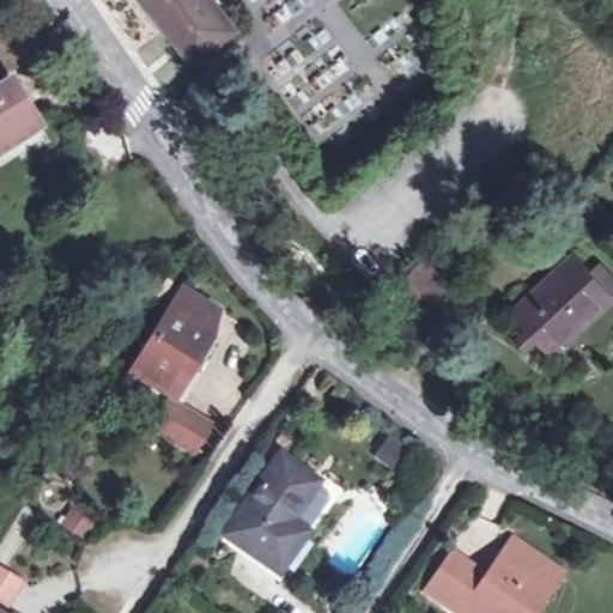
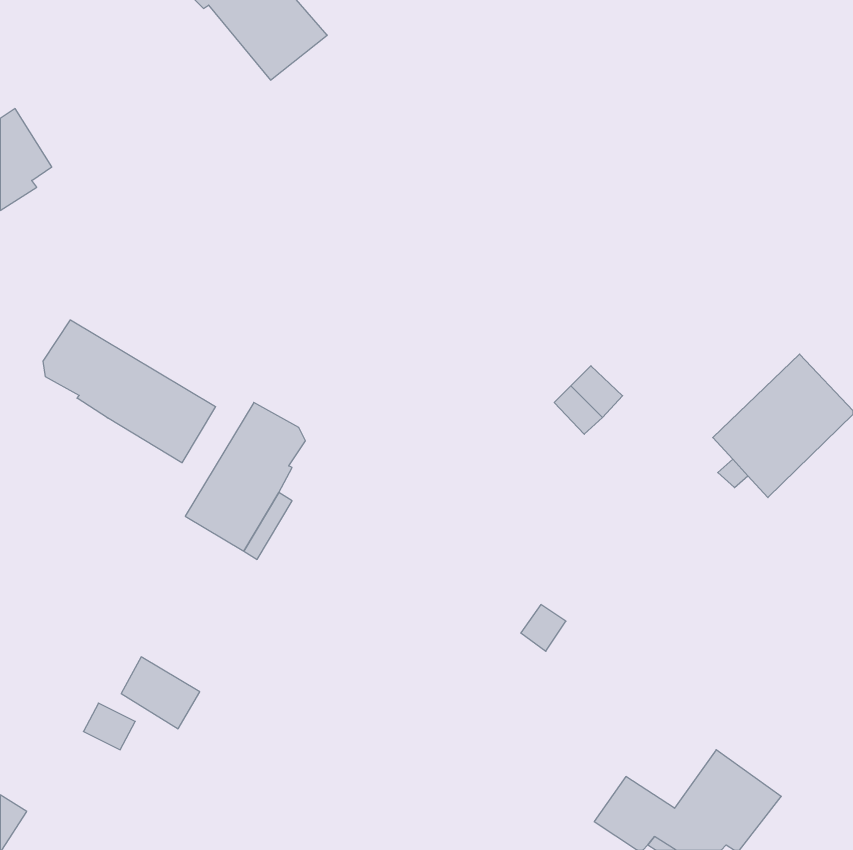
building: none -> [43,320,216,463]
building: [154,401,211,453] -> [121,657,200,729]
building: [226,454,327,569] -> none

